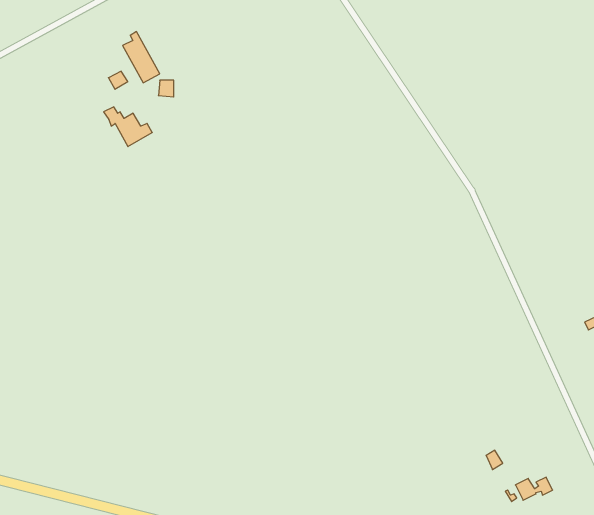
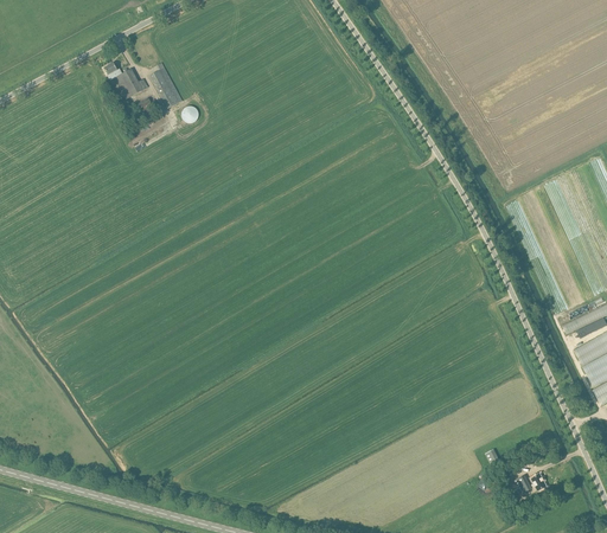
building: [104,107,152,147] -> [103,63,148,99]

